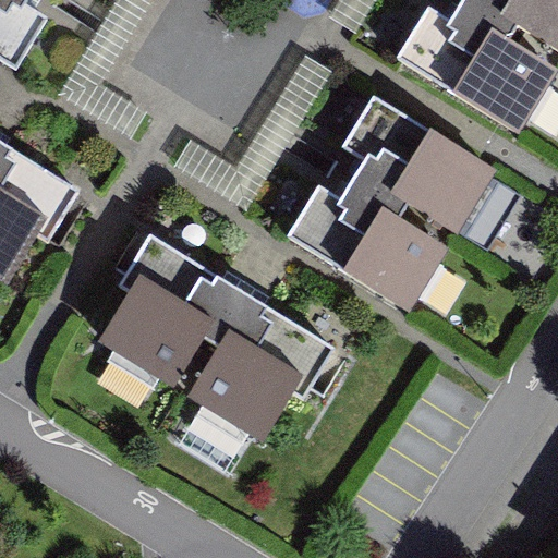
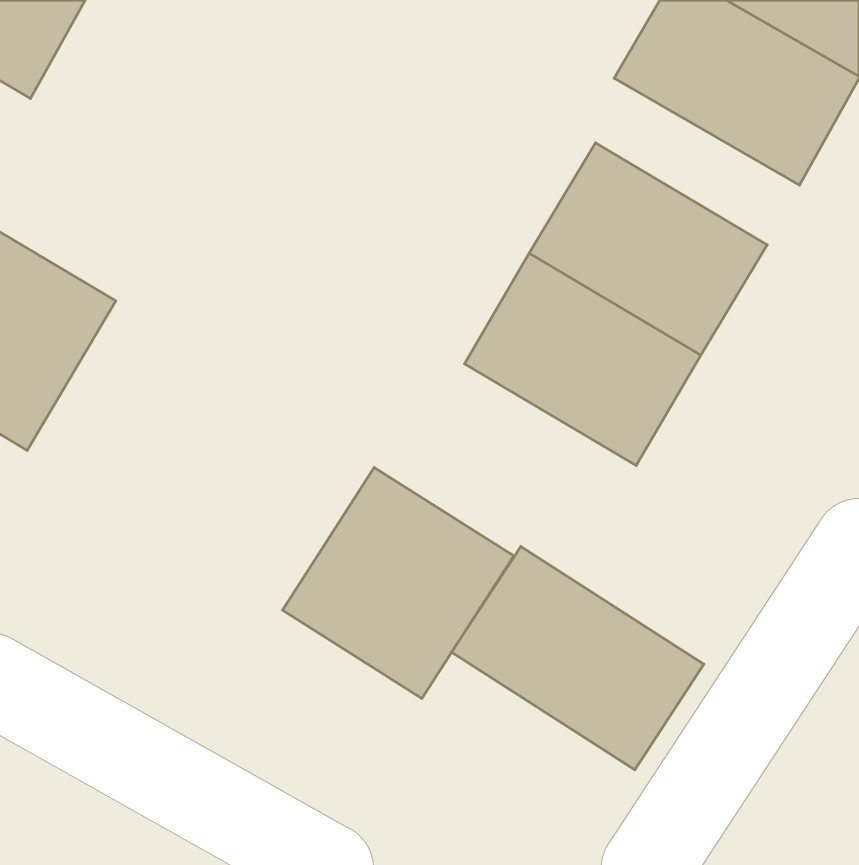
building: [92,245,240,393] -> none
building: none -> [452,546,704,770]

